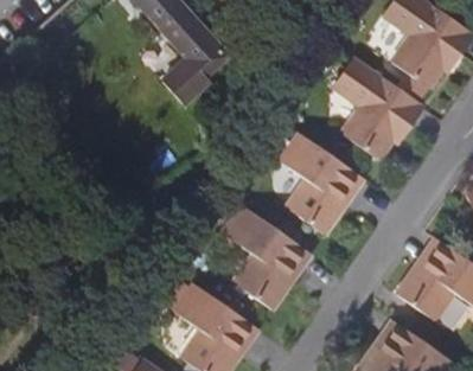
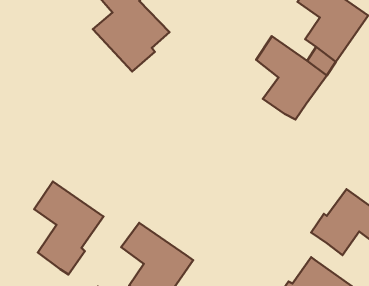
building: [279,132,359,232] -> none
building: [225,206,307,308] -> none
building: none -> [34,182,104,274]

